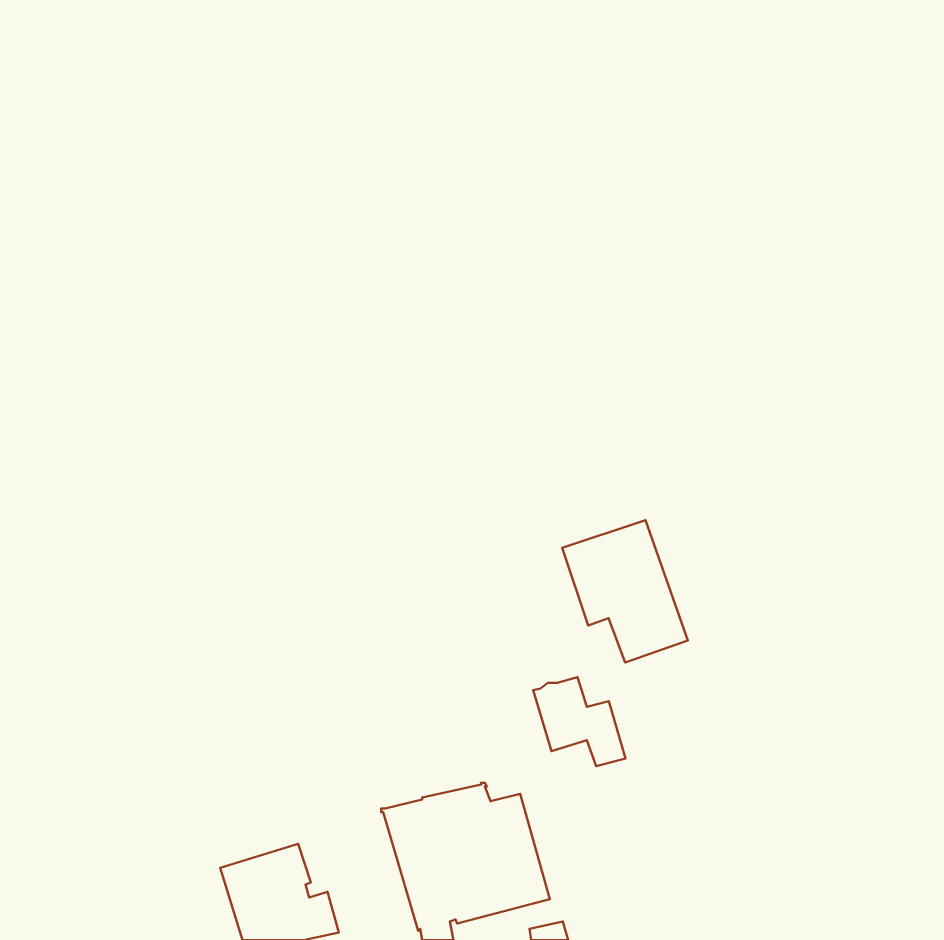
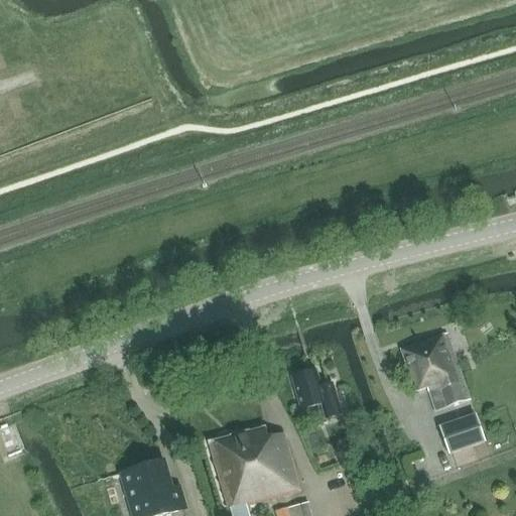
building: [562,520,688,663] -> [400,333,469,410]
building: none -> [439,413,484,453]

